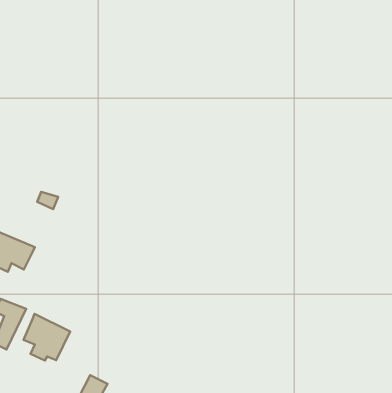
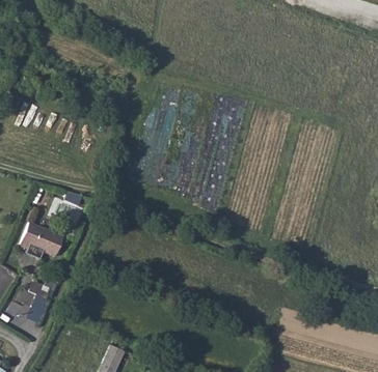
building: [23,314,70,360] -> none

